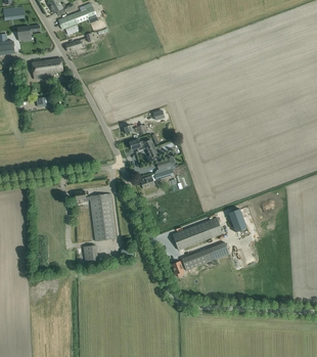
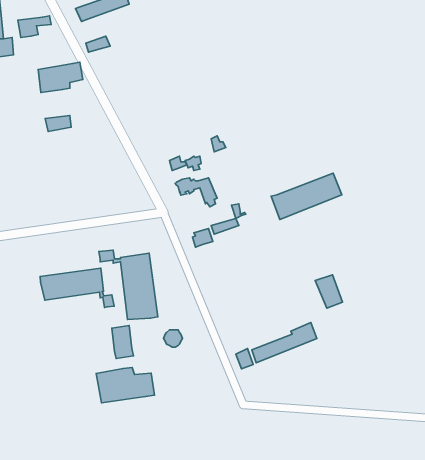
building: none -> [40,268,114,307]
building: [172,217,222,250] -> [271,173,342,219]
building: none -> [96,368,155,403]

